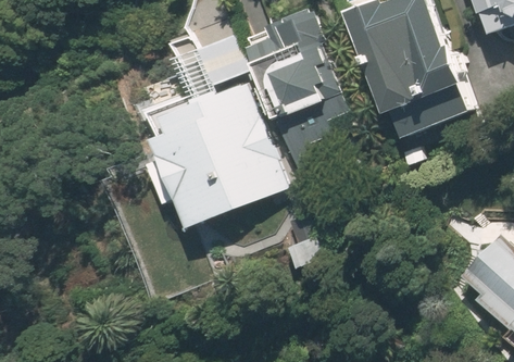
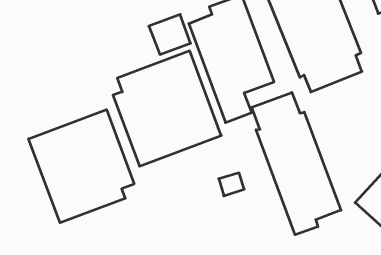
building: none -> [252,92,341,235]
building: none -> [29,110,134,223]

